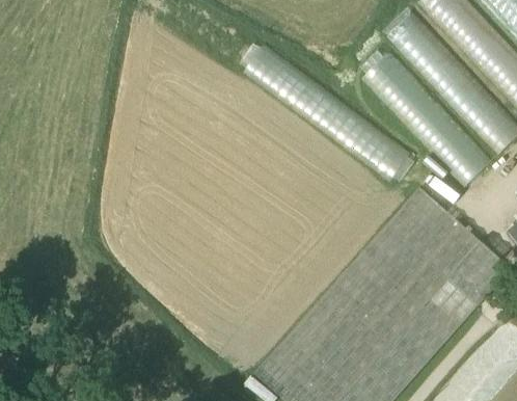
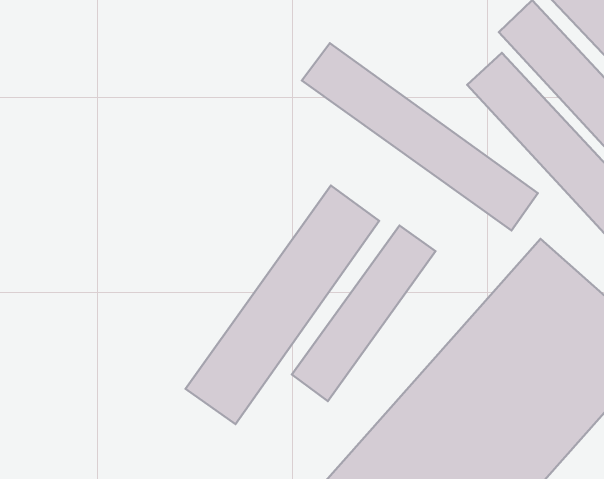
building: none -> [185,185,379,424]
building: none -> [292,225,435,401]

